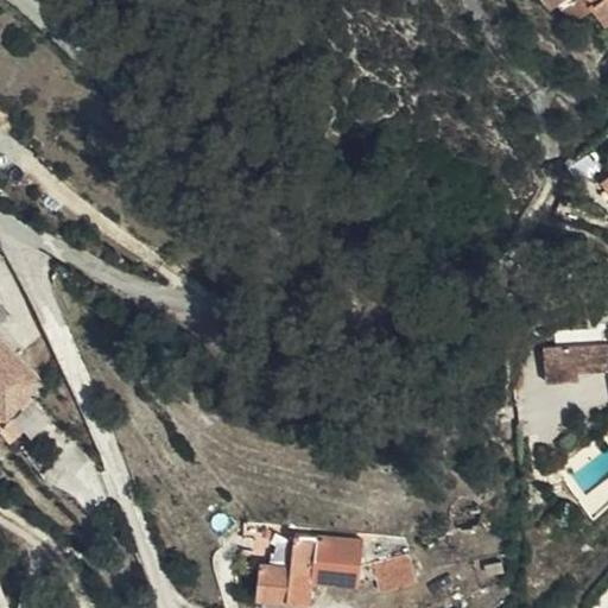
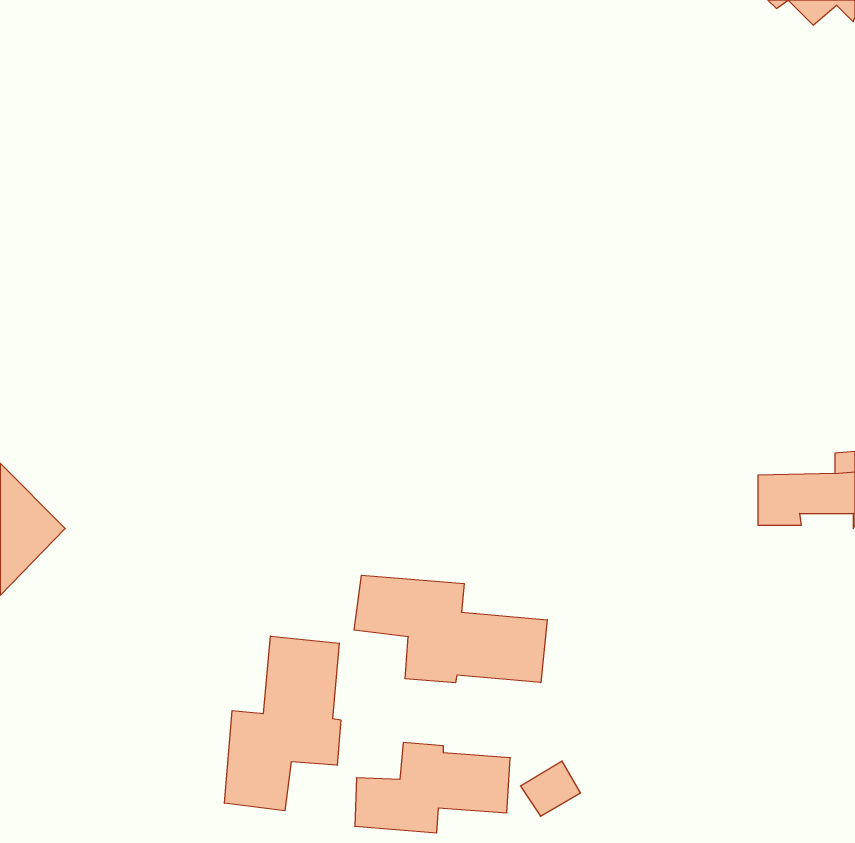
building: none -> [354,575,547,683]
building: none -> [224,636,341,811]

